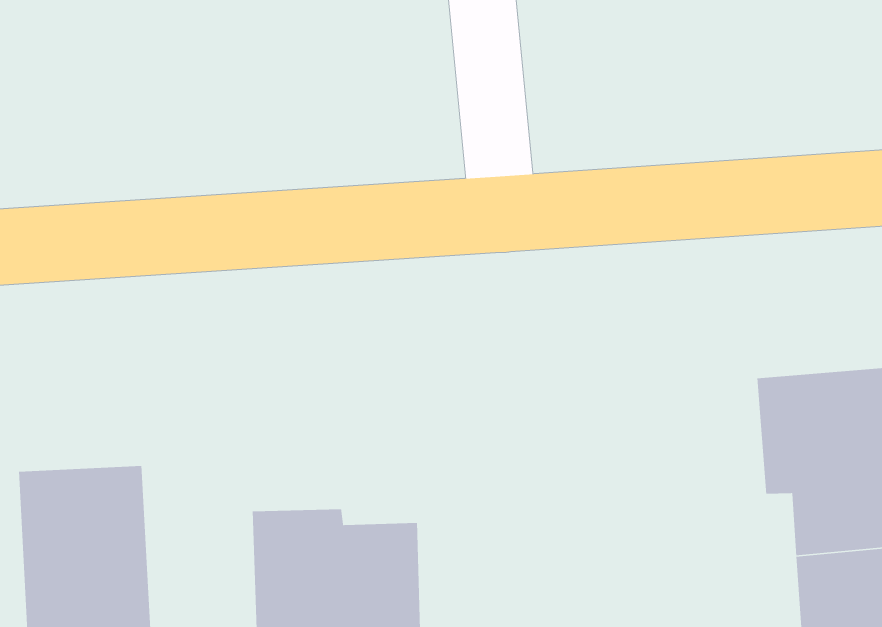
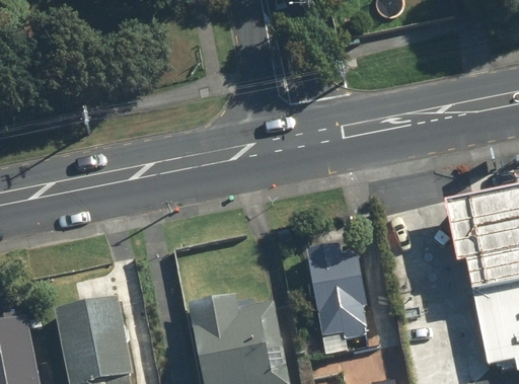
building: none -> [302,246,369,338]

